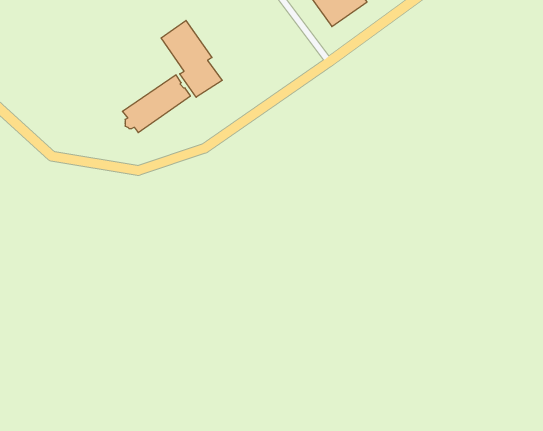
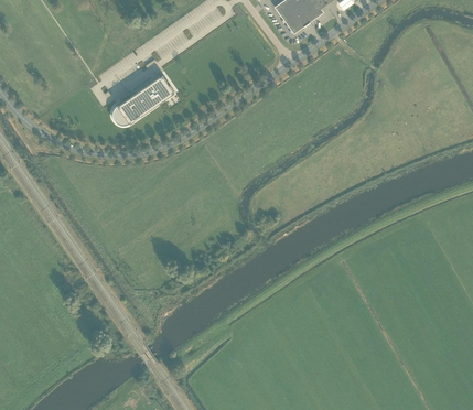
building: [161,20,222,97] -> none

